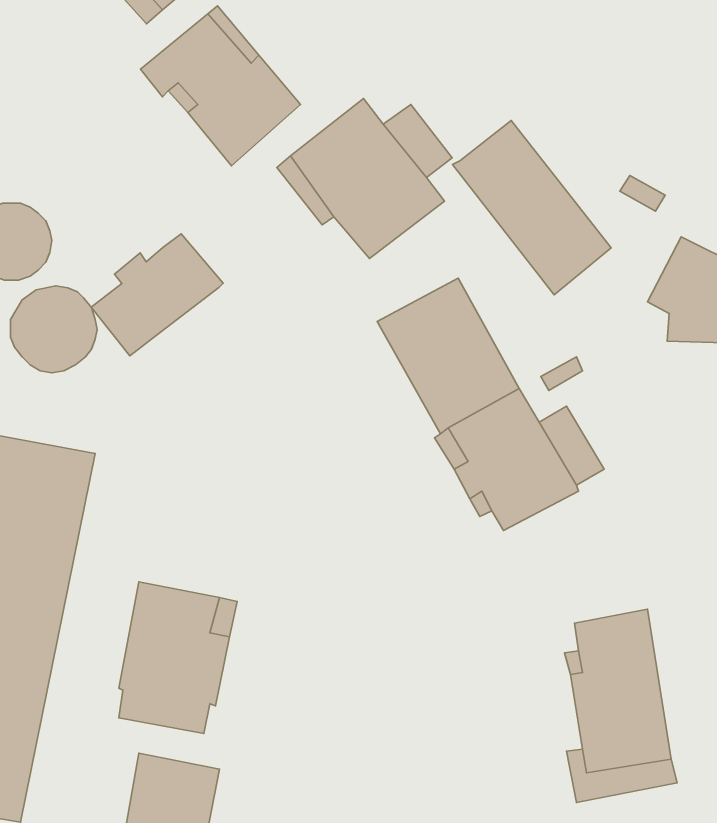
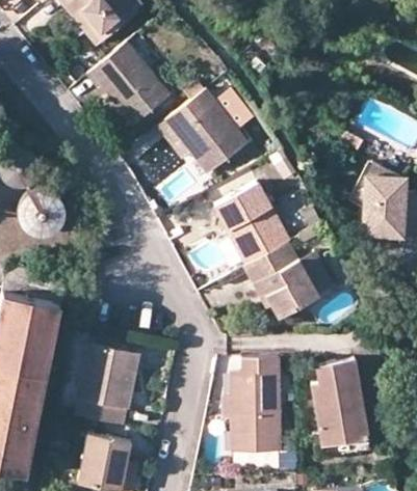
building: [453,120,611,295] -> none
building: [91,234,223,356] -> none
building: none -> [231,357,281,452]

